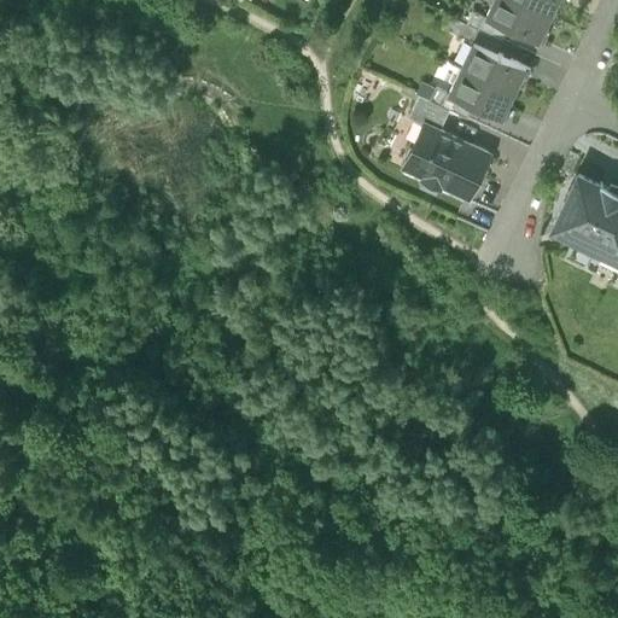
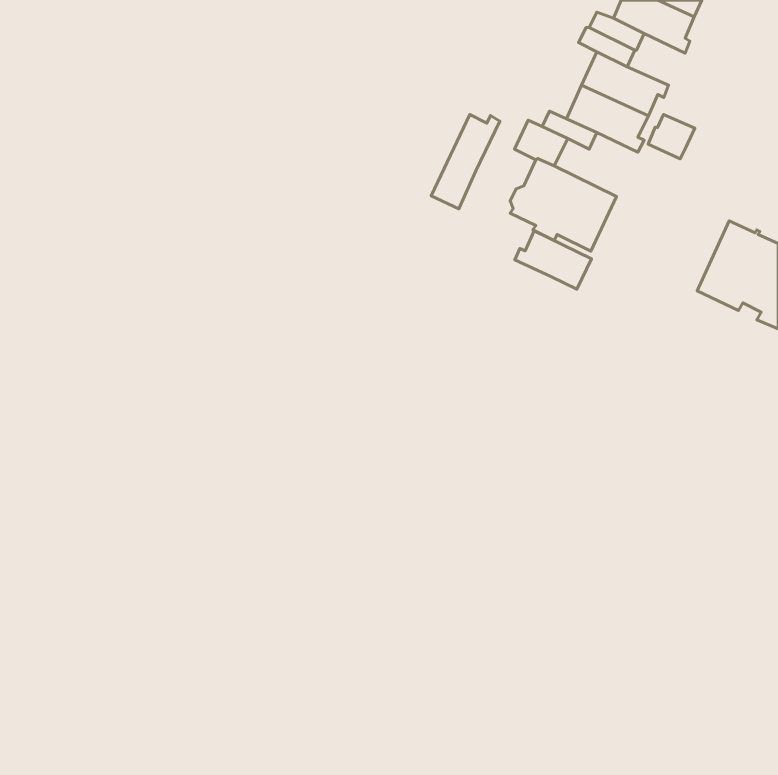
building: none -> [431,114,500,209]
building: none -> [648,115,695,159]
building: none -> [515,231,592,289]

